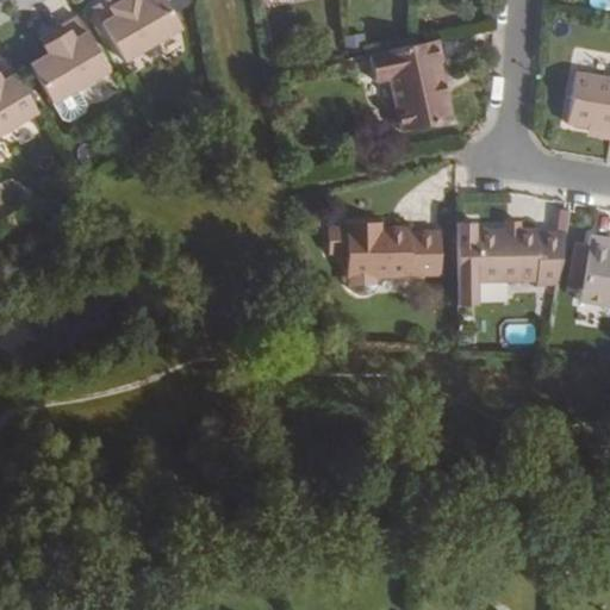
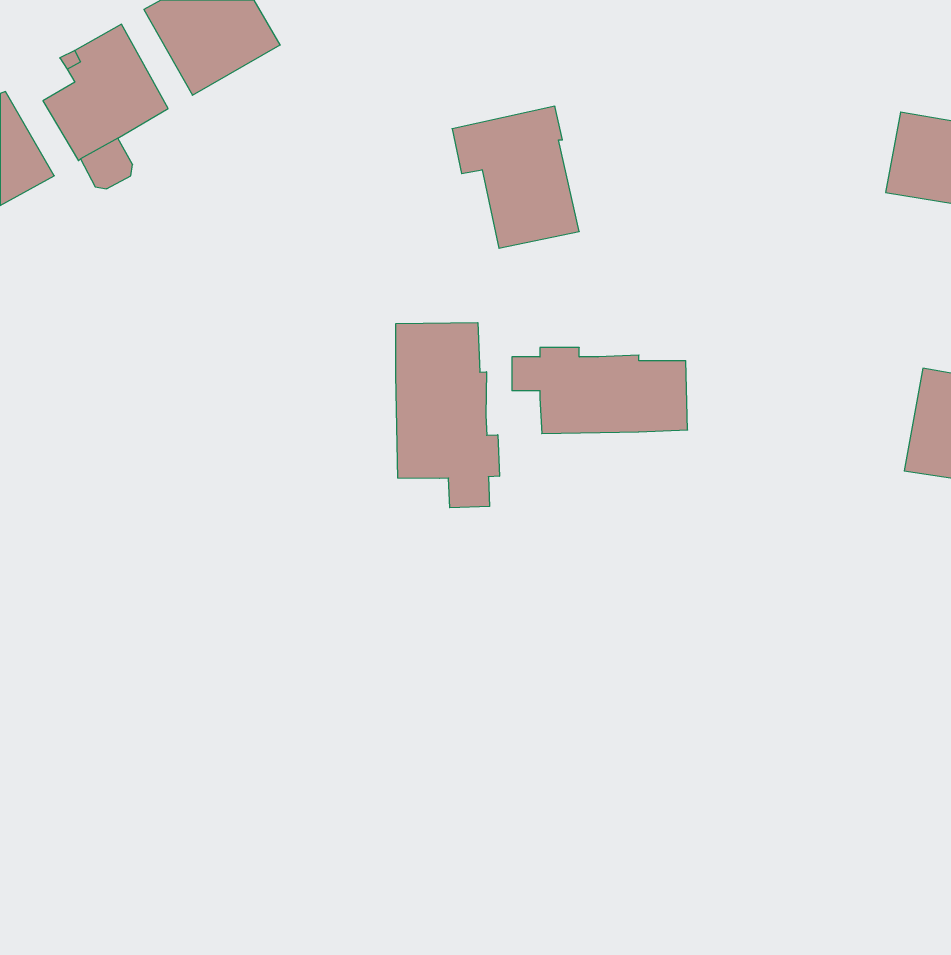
building: [372,39,453,130] -> [452,106,579,248]
building: none -> [396,323,499,508]
building: [458,222,566,305] -> none

